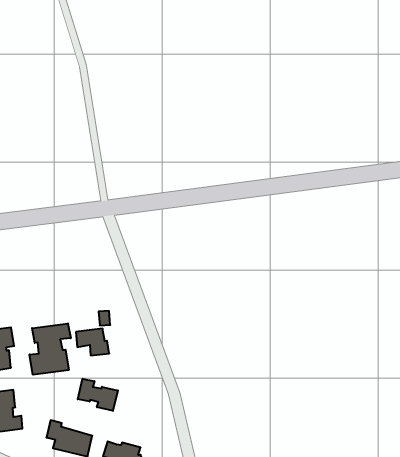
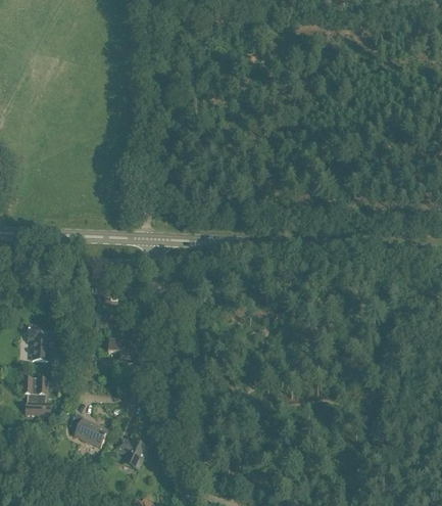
building: [30,323,71,375] -> none
building: [78,379,118,411] -> none

